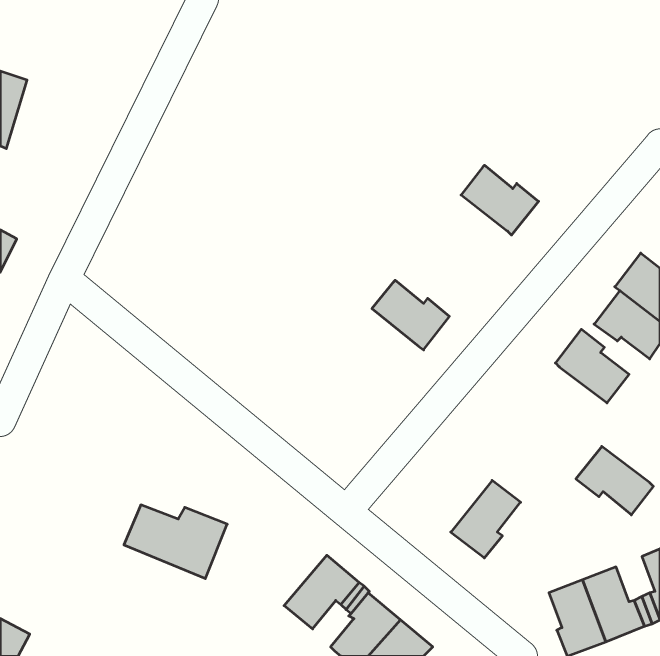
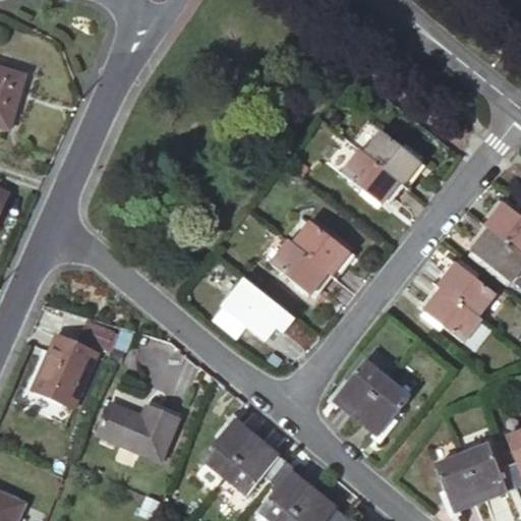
building: none -> [342,150,400,208]
building: none -> [272,240,330,298]
building: none -> [214,279,291,341]
building: none -> [33,327,97,399]
building: [576,446,653,515] -> [420,289,481,343]
building: none -> [330,361,388,419]
building: none -> [202,416,257,477]

